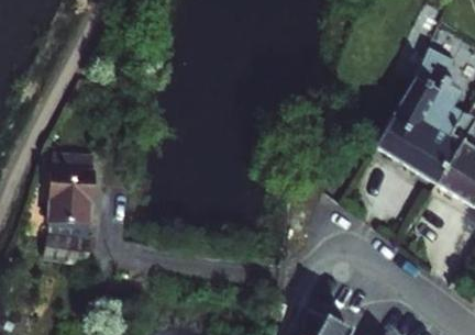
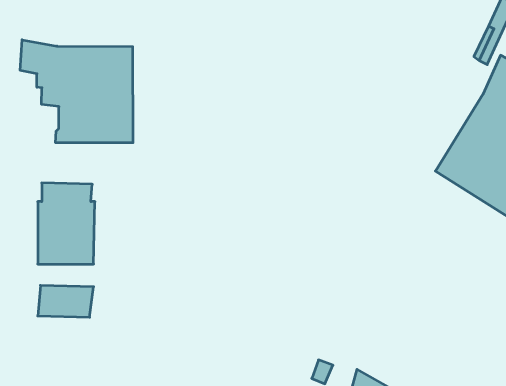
building: none -> [20,40,133,143]

